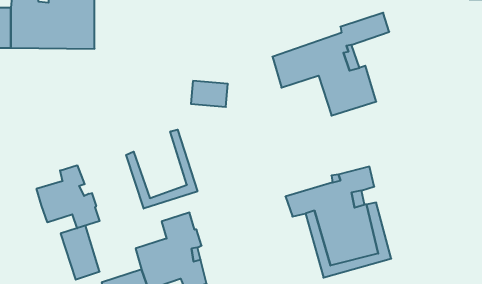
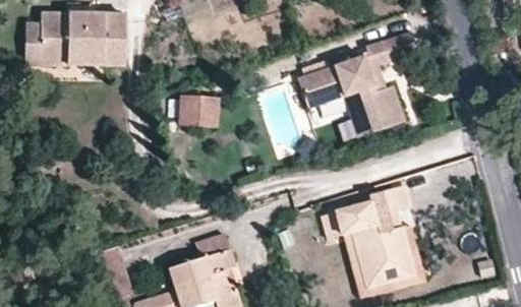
building: [191,81,228,107] -> [178,98,216,124]
building: [126,130,197,209] -> none
building: [37,165,100,228] -> none

